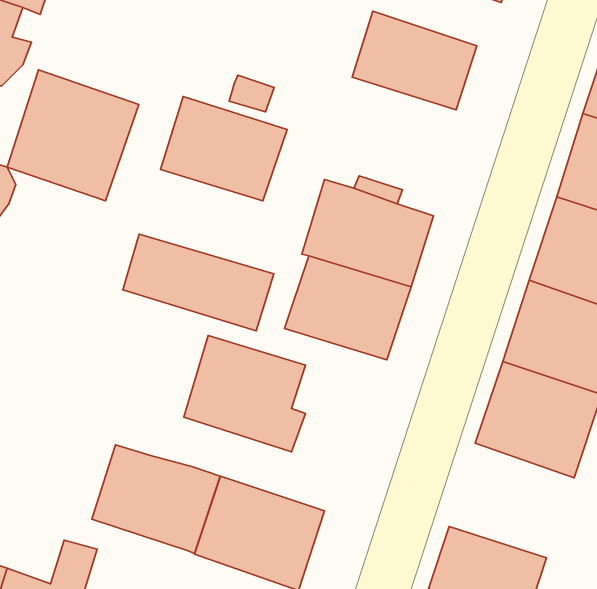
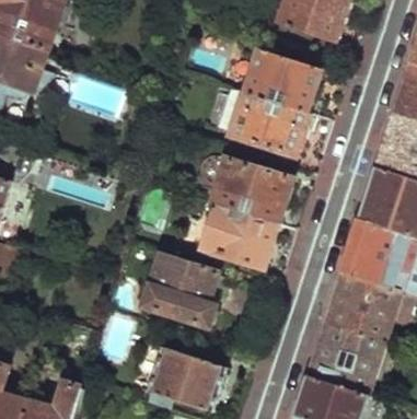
building: [7,70,139,201] -> none
building: [161,97,287,201] -> [230,91,310,156]
building: [123,234,274,331] -> none
building: none -> [305,322,384,394]
building: [92,445,220,553] -> none

